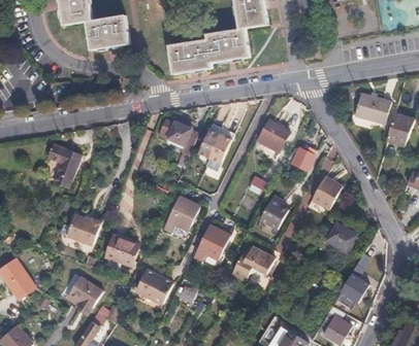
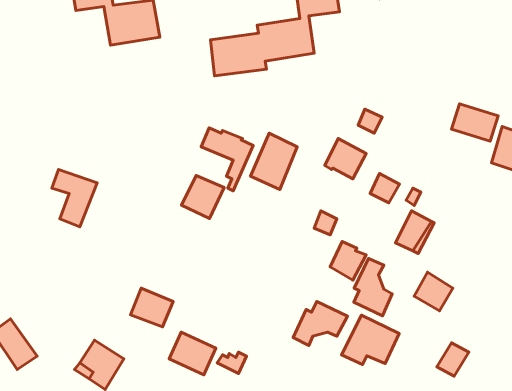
building: [166,197,199,230] -> [181,176,224,218]
building: none -> [354,258,392,316]
building: [62,213,99,246] -> none
building: [196,226,230,259] -> none
building: none -> [341,315,399,365]

